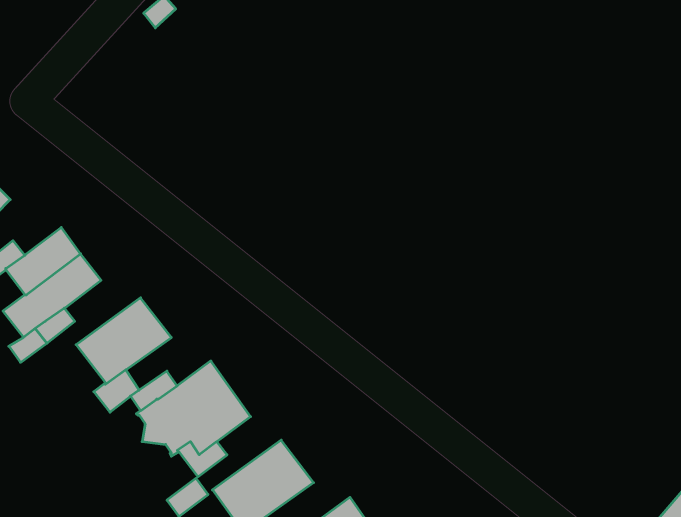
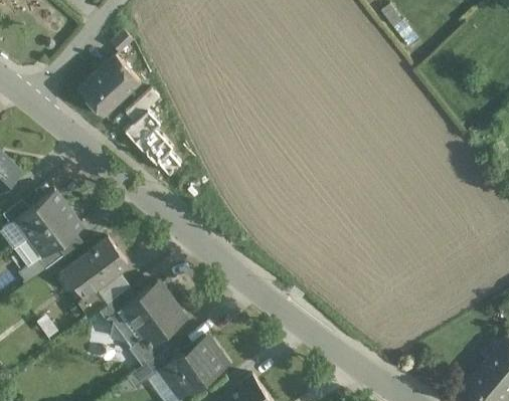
building: none -> [77,56,140,119]
building: none -> [124,90,180,176]

